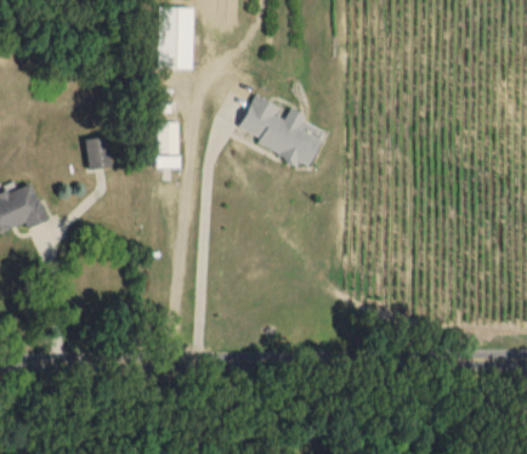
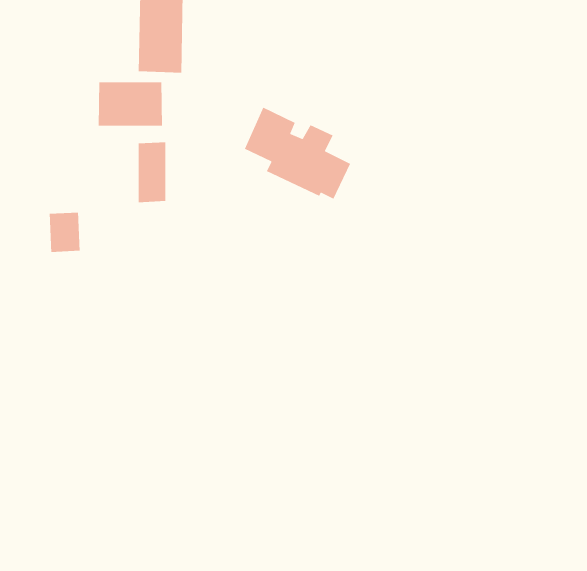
building: none -> [98,81,163,126]
building: [87,137,112,169] -> [49,212,80,253]

